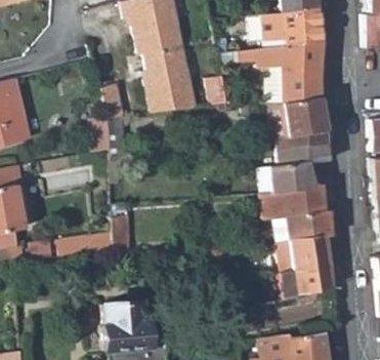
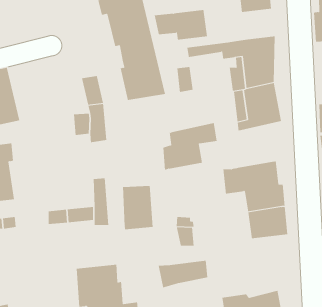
building: [260,11,322,46] -> [154,10,208,40]
building: [269,139,332,194] -> [162,122,217,170]
building: none -> [123,185,153,230]
building: [281,269,338,301] -> [158,260,208,288]

